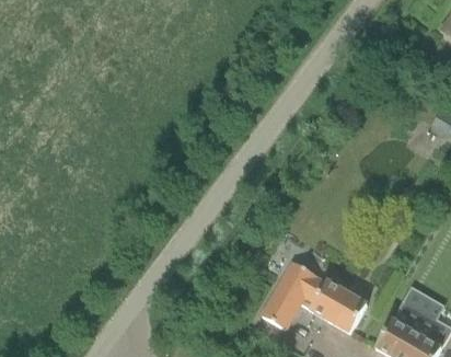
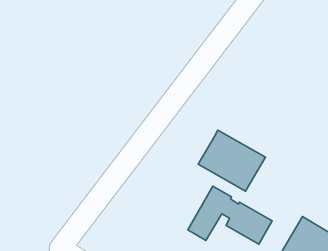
building: none -> [198,130,265,191]

